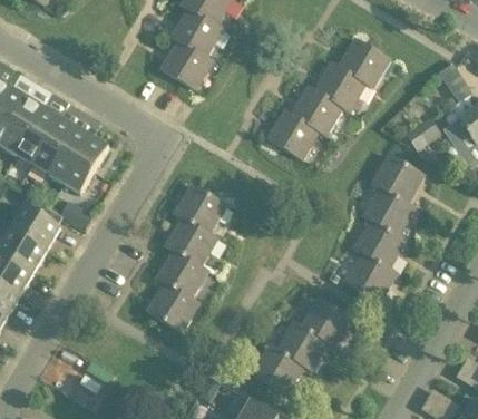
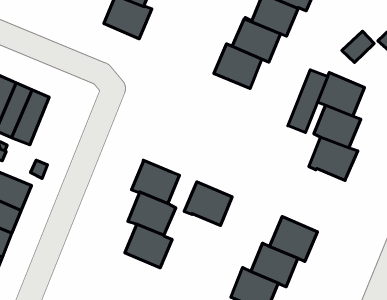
building: [65,137,109,194] -> none
building: none -> [288,70,328,133]
building: [173,185,225,234] -> [184,182,232,225]
building: [343,253,397,302] -> none

